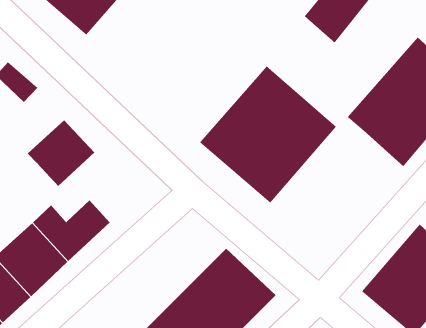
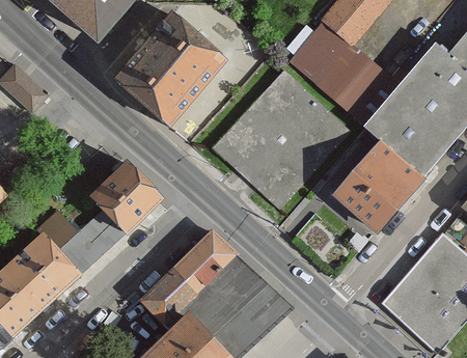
building: none -> [115,13,230,130]
building: none -> [286,20,390,119]
building: [27,119,95,187] -> [89,163,160,232]
building: none -> [332,138,423,231]
building: none -> [138,229,241,331]

